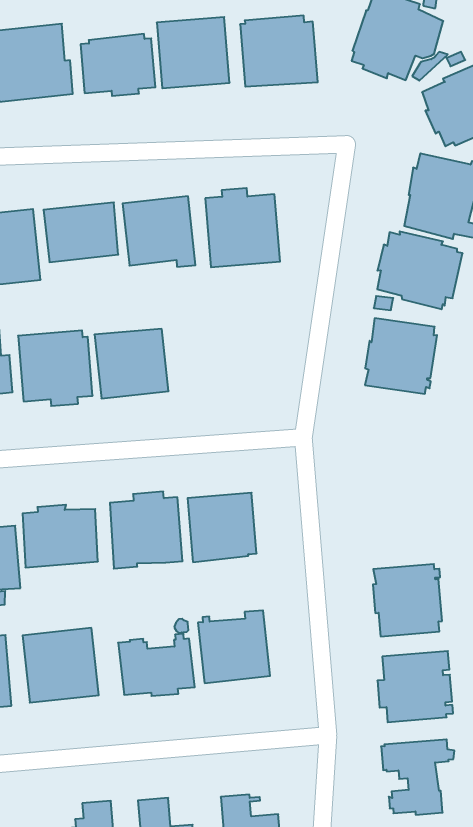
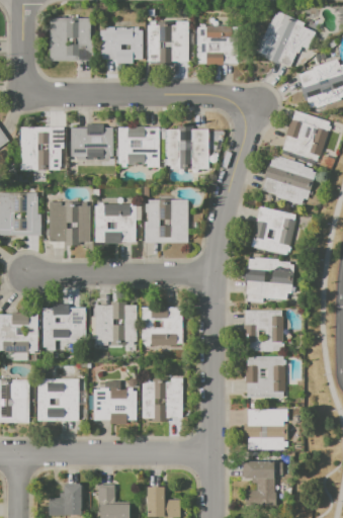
building: none -> [143,199,186,242]
building: none -> [246,258,296,304]
building: none -> [246,312,286,353]

